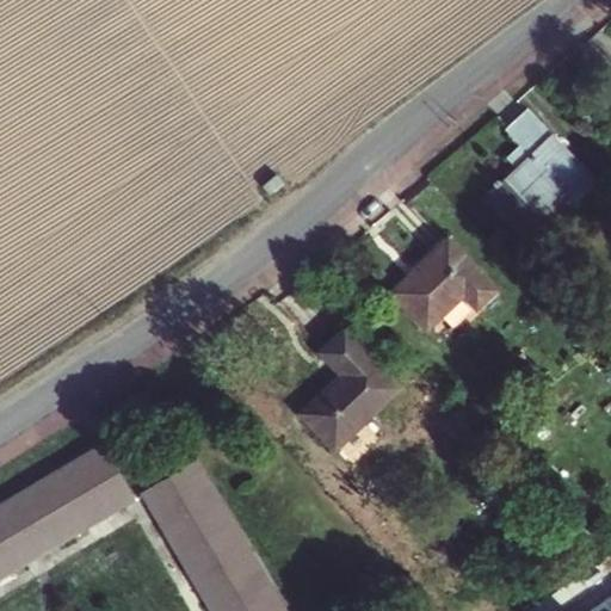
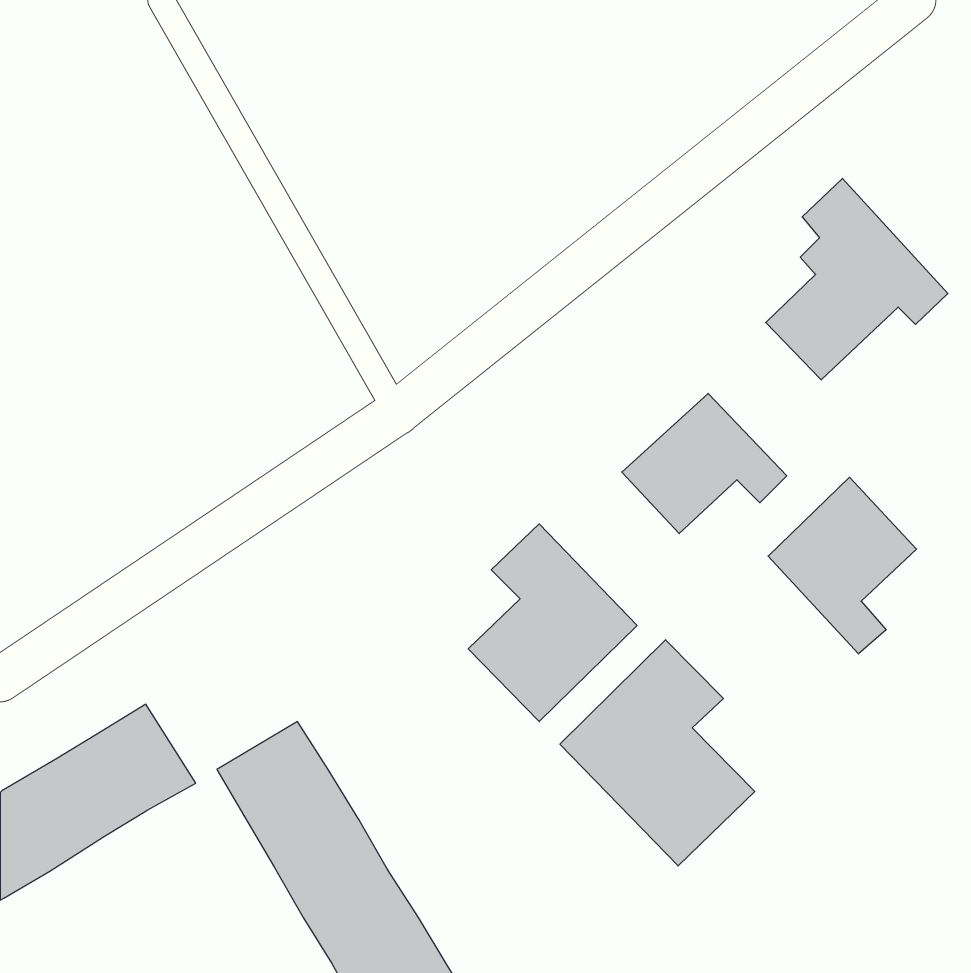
building: none -> [768,477,917,654]
building: none -> [560,640,755,866]

